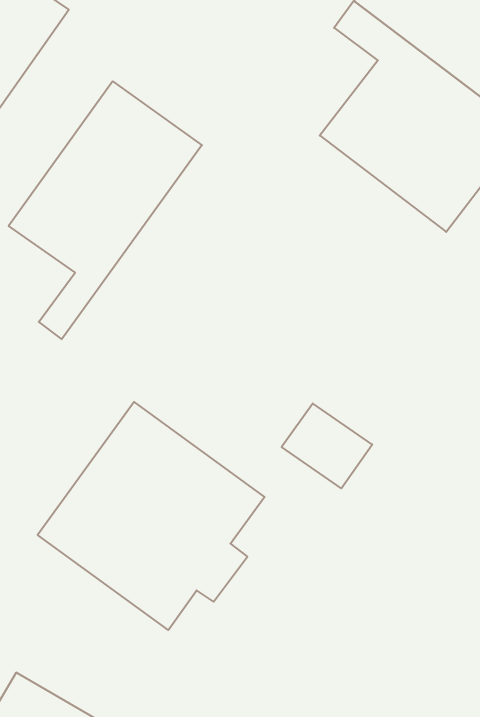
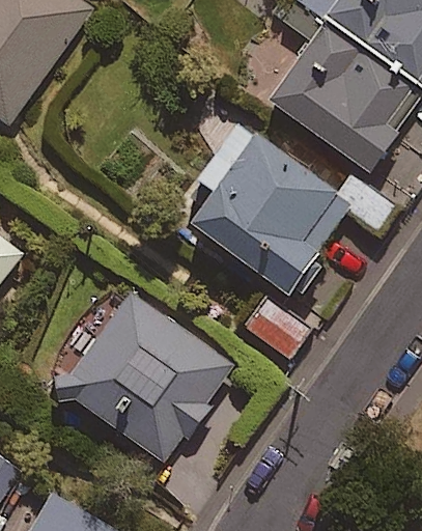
building: [9,81,202,339] -> none
building: none -> [197,123,354,295]

